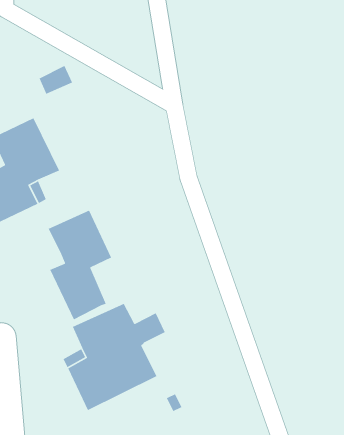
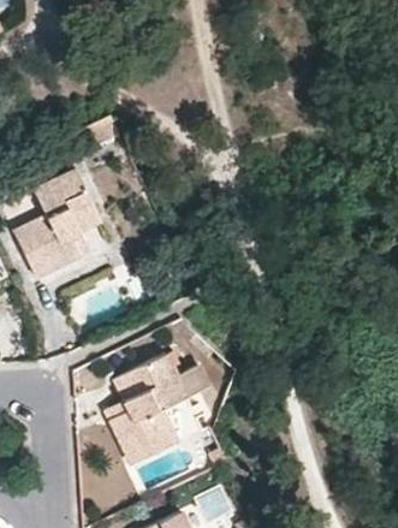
building: [48,210,112,321] -> none

